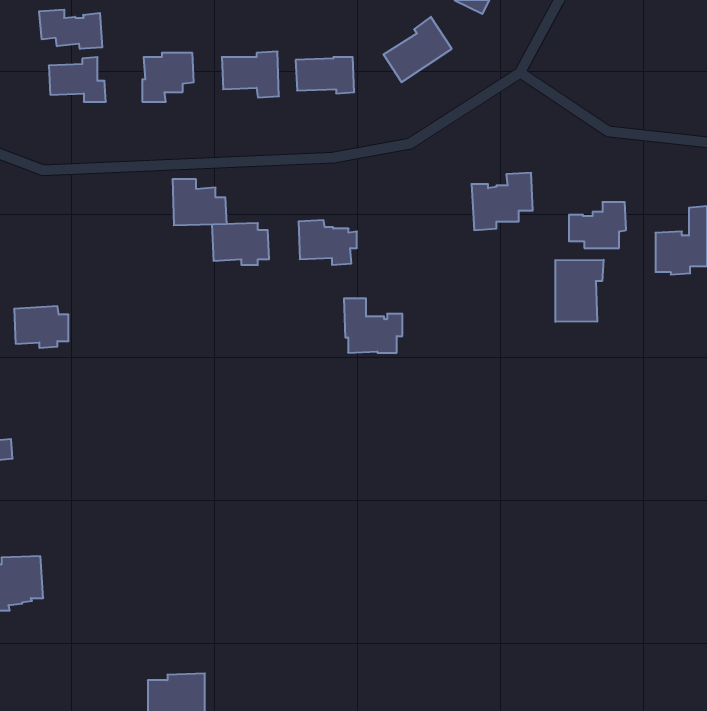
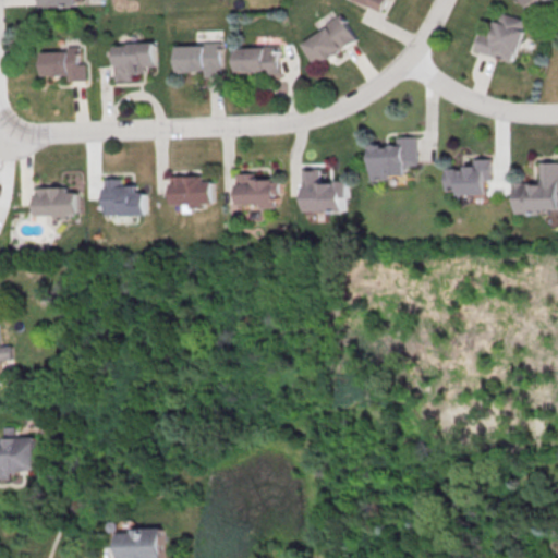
building: [39,10,102,49] -> none
building: none -> [472,12,523,63]
building: [172,179,227,225] -> [100,179,143,215]
building: [555,260,604,322] -> none
building: [344,298,402,353] -> [300,169,345,211]
building: [14,306,69,348] -> [32,186,74,219]

